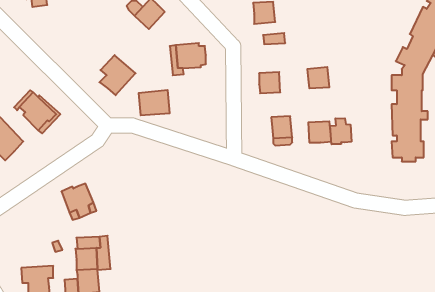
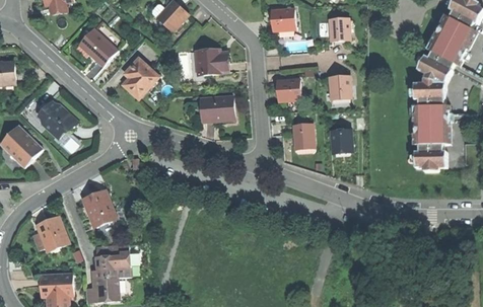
building: none -> [330,17,350,40]
building: none -> [78,28,117,66]
building: [139,90,170,115] -> [203,96,234,122]
building: [330,118,351,144] -> none
building: none -> [37,219,67,251]

